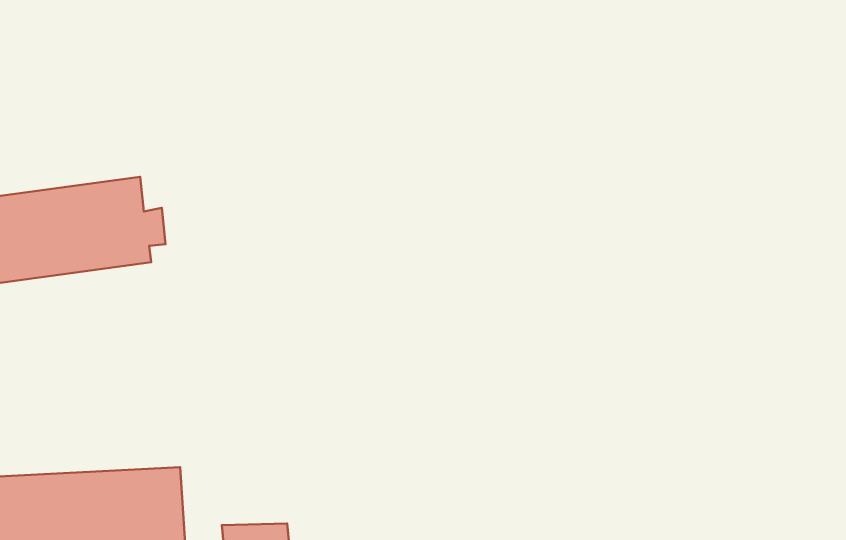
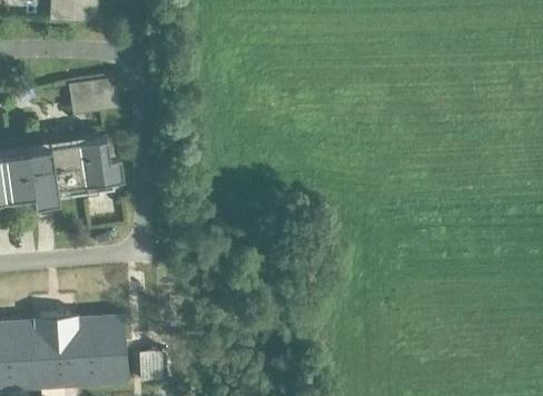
building: none -> [60,77,111,115]

